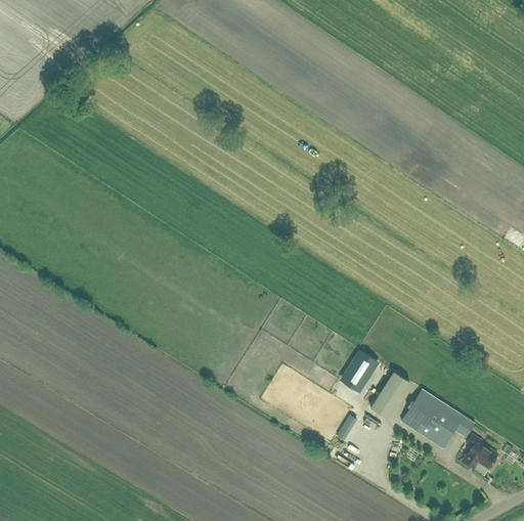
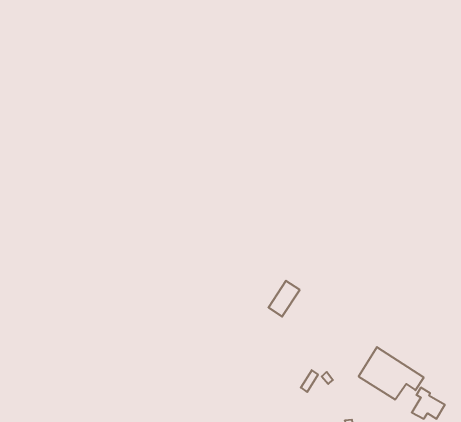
building: [340,349,375,389] -> [268,281,300,317]
building: [372,372,410,418] -> none

